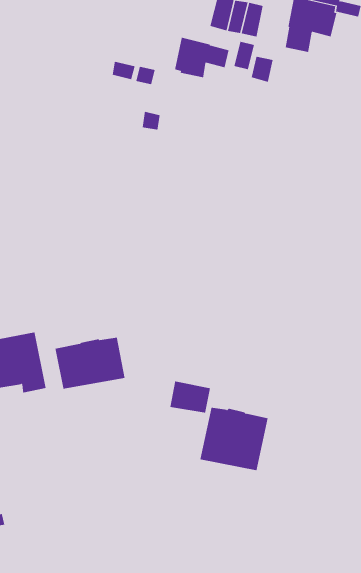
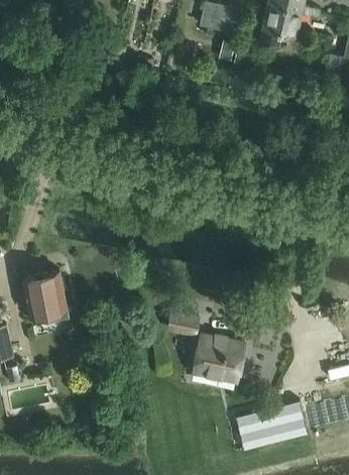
building: [175,37,229,78] -> none
building: [55,337,125,390] -> none
building: none -> [237,403,309,452]

